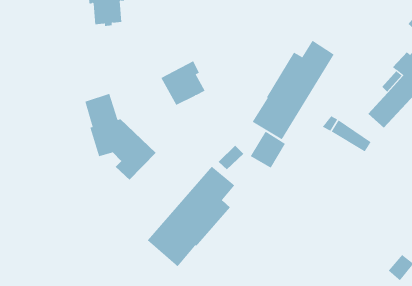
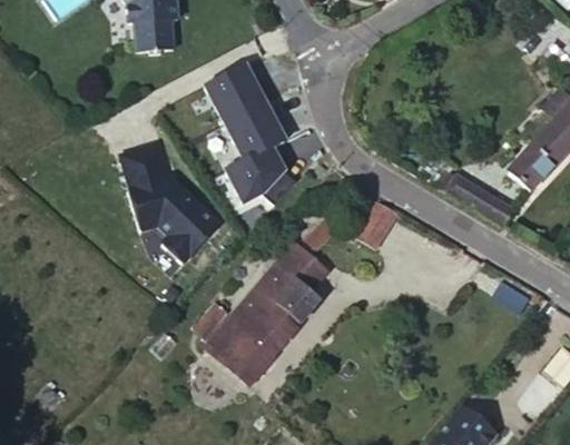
building: none -> [206,62,271,122]
building: [252,40,335,140] -> none
building: none -> [228,147,298,205]

